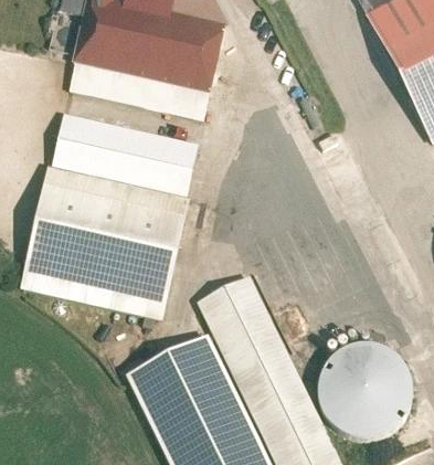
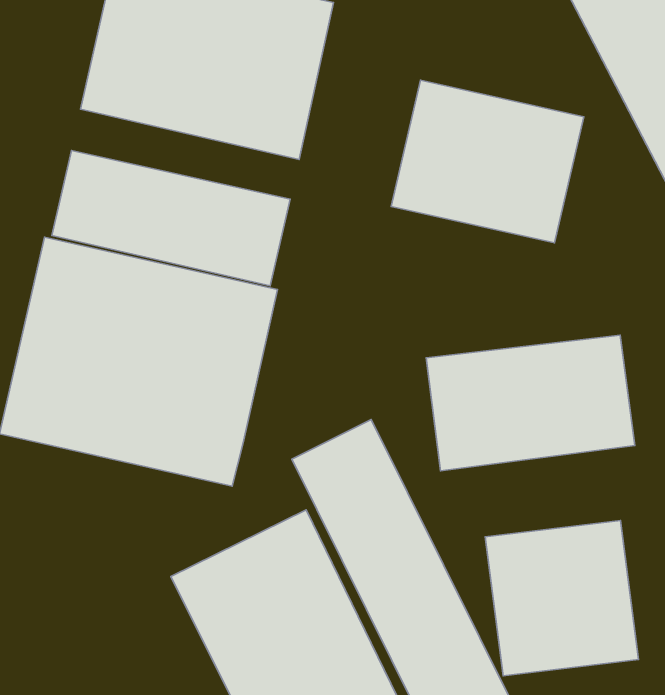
building: none -> [391,80,584,243]
building: none -> [426,335,635,471]

